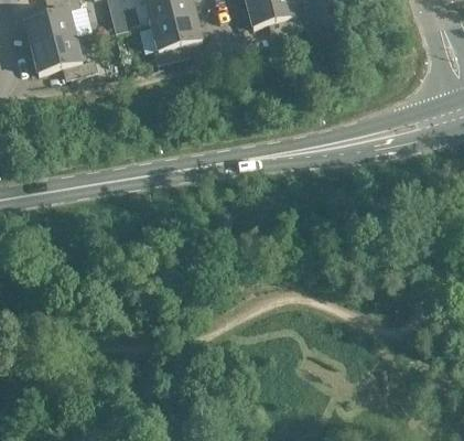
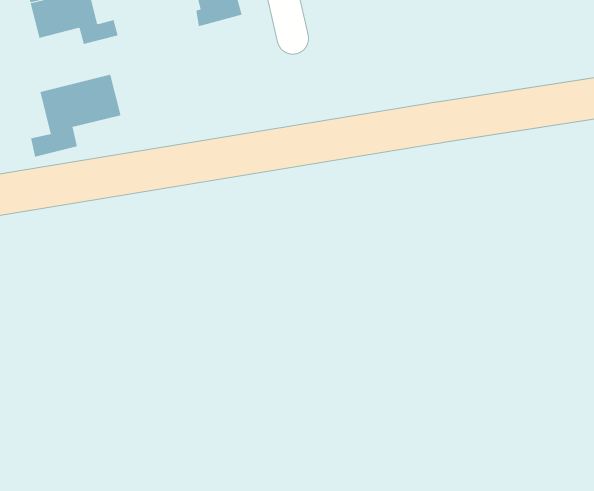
building: none -> [30,74,121,157]

